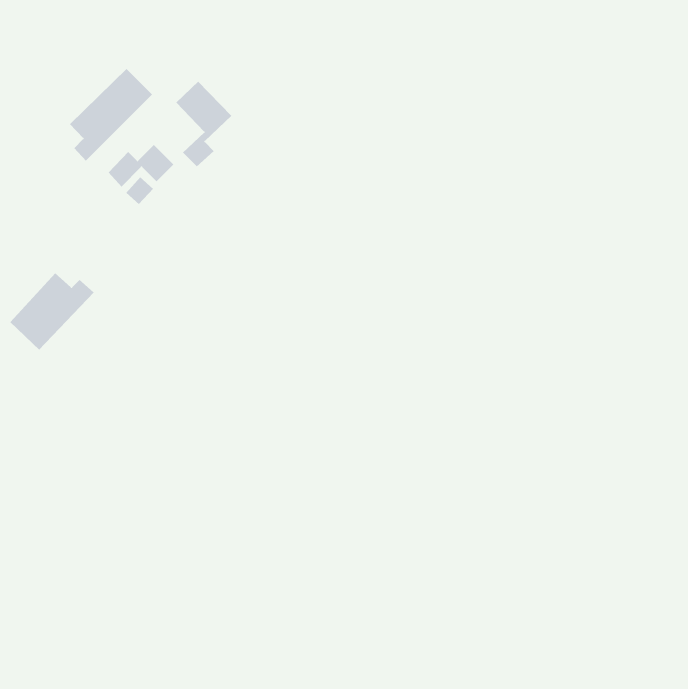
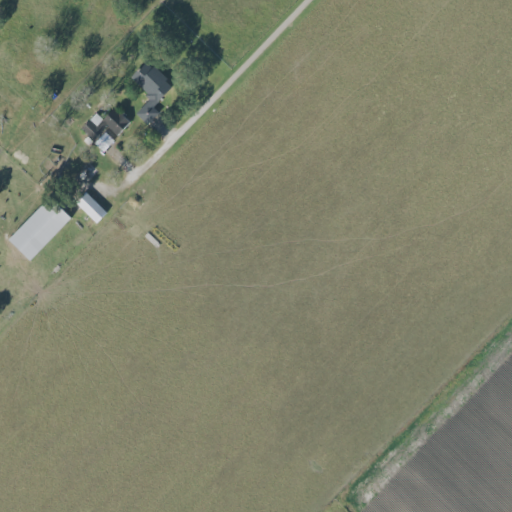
building: [69,68,153,162] -> none
building: none -> [75,191,107,223]

